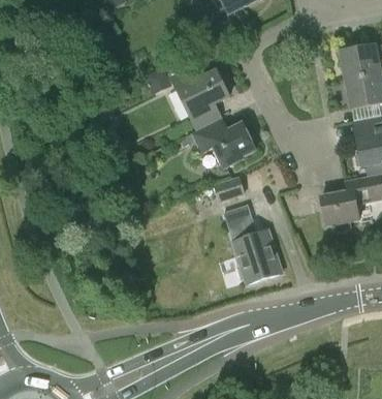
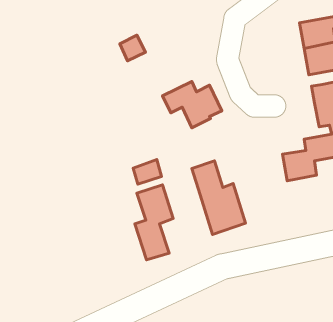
building: [169,60,228,127] -> none
building: [213,176,244,203] -> [133,160,161,184]
building: none -> [135,185,173,260]

